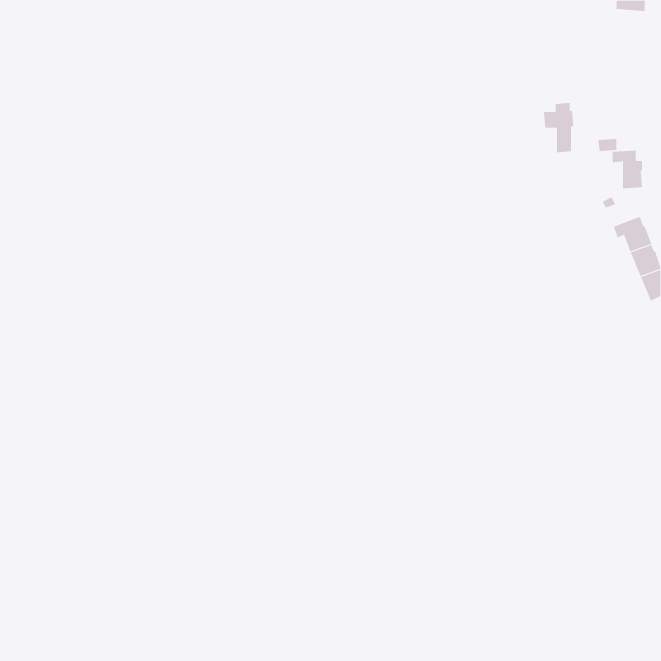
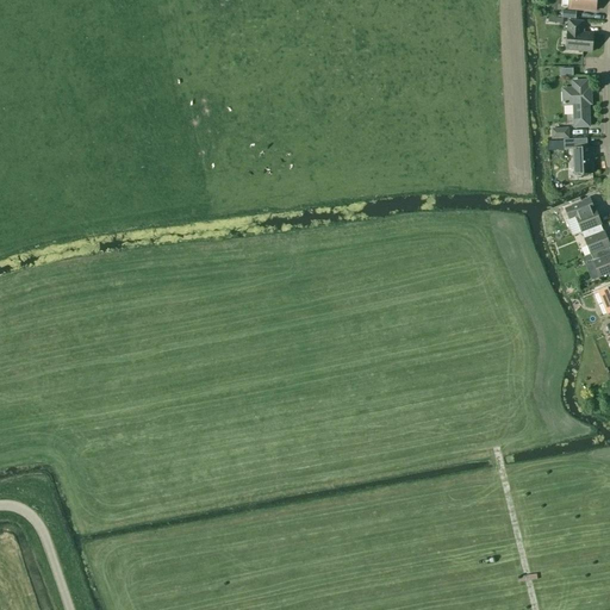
building: none -> [565,20,592,52]
building: [543,102,574,153] -> [561,81,590,127]

